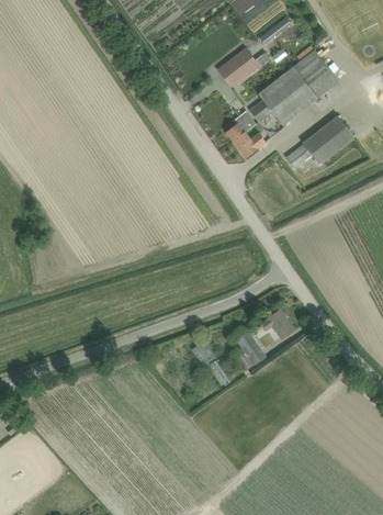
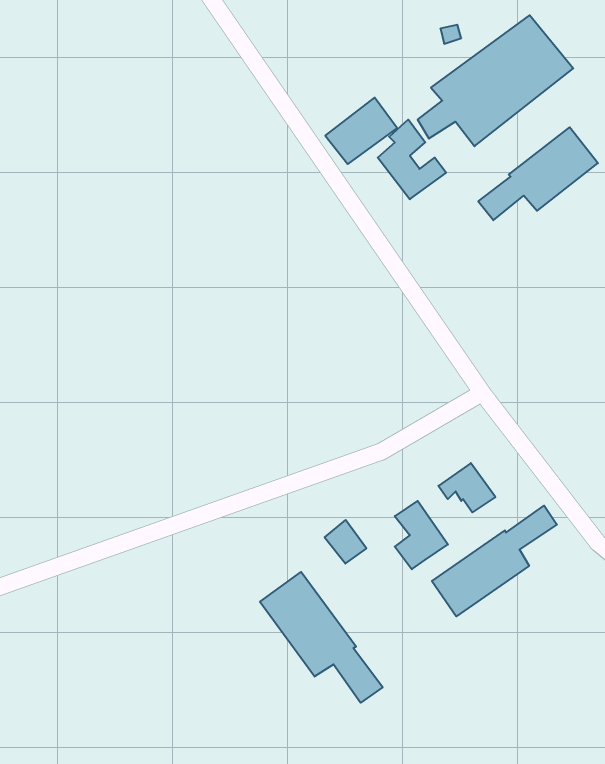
building: [217,48,259,87] -> [325,98,397,164]
building: none -> [432,506,557,616]
building: none -> [260,572,383,703]

